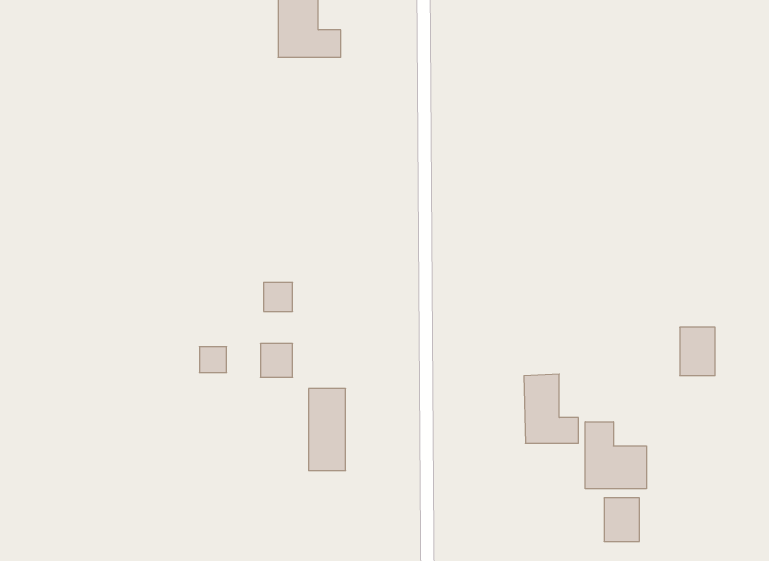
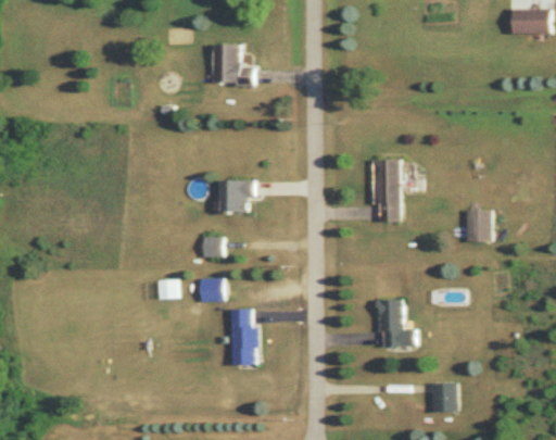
building: none -> [374,159,400,222]
building: none -> [220,180,253,212]
building: [680,327,715,376] -> [466,209,490,241]
building: [585,422,646,489] -> none

